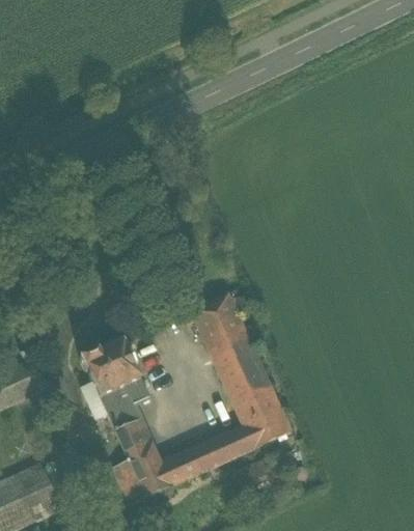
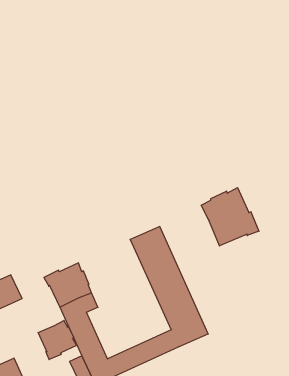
building: none -> [201,188,259,246]
building: none -> [38,320,76,360]

